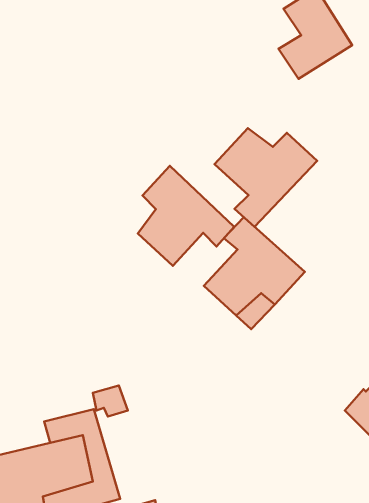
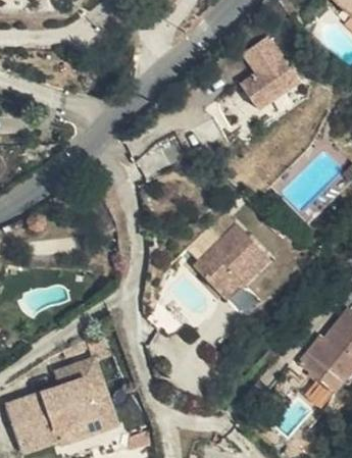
building: [215,128,317,227] -> none
building: [138,166,234,266] -> none

